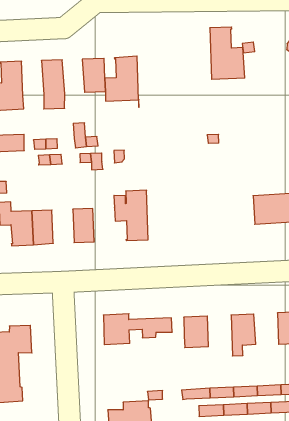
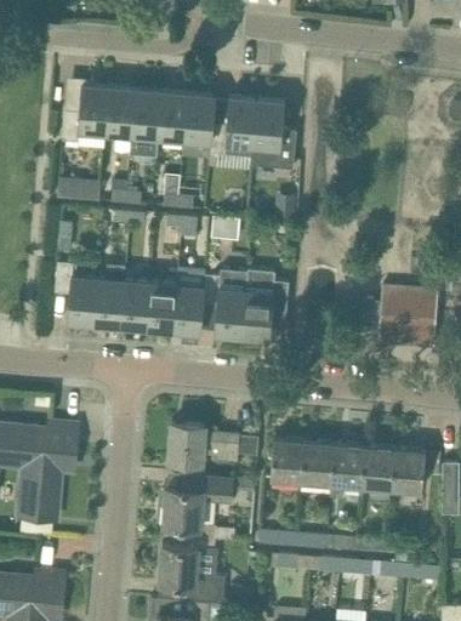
building: [210,27,245,79] -> [251,99,296,169]
building: none -> [159,92,187,137]
building: none -> [106,87,135,133]
building: none -> [241,269,289,337]
building: none -> [172,286,204,331]
building: none -> [120,281,150,326]
building: none -> [362,446,394,489]
building: none -> [301,441,335,496]
building: none -> [156,475,255,529]

